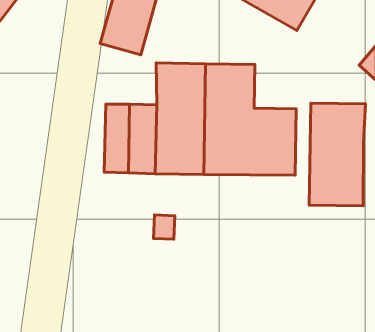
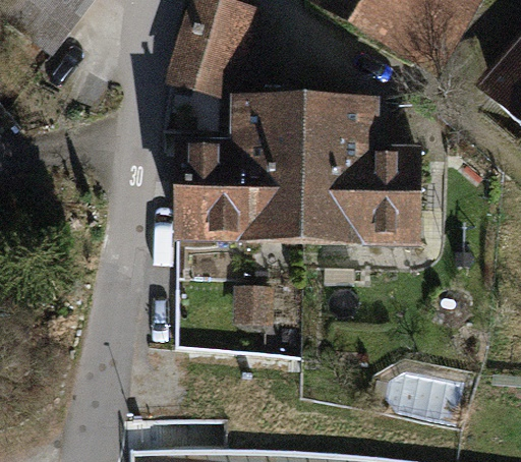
building: [309,103,366,206] -> none

